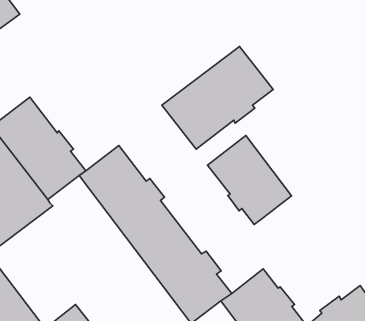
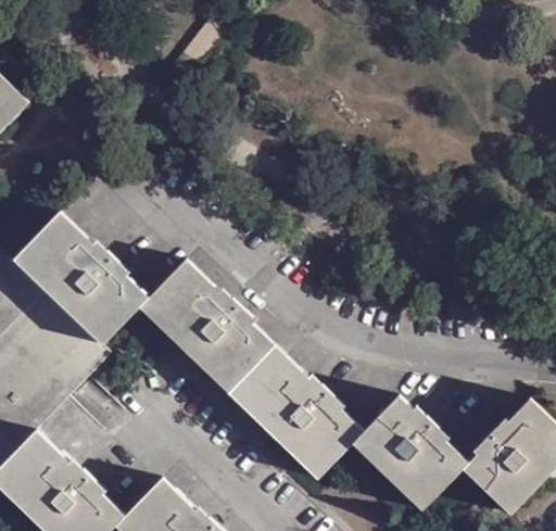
building: [162,46,273,149] -> none
building: [208,135,292,225] -> none

